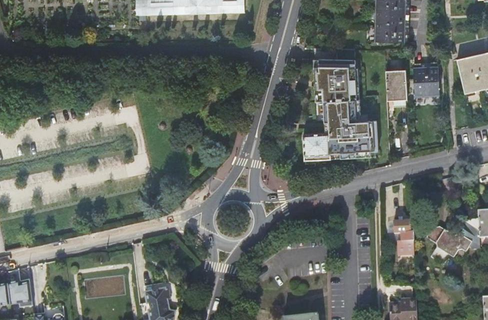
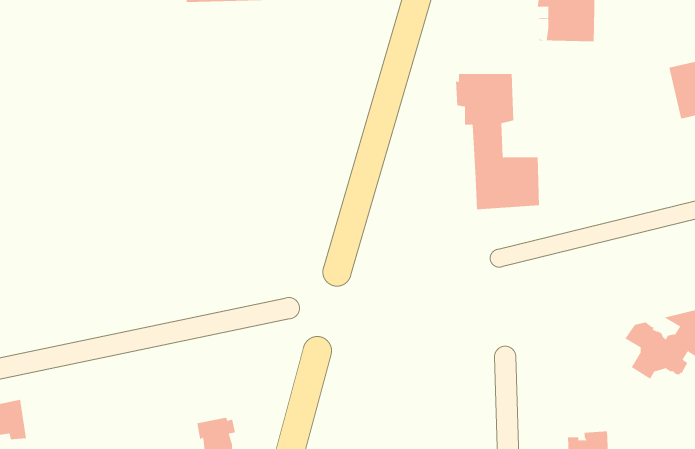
building: [412,63,439,103] -> none
building: [385,69,407,107] -> none
building: [302,132,329,160] -> none
building: [394,220,414,256] -> none

